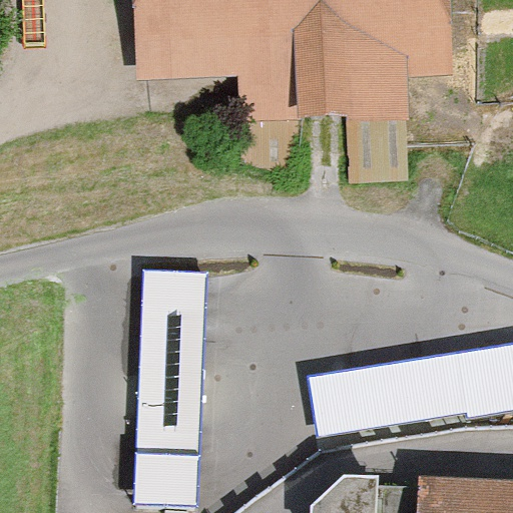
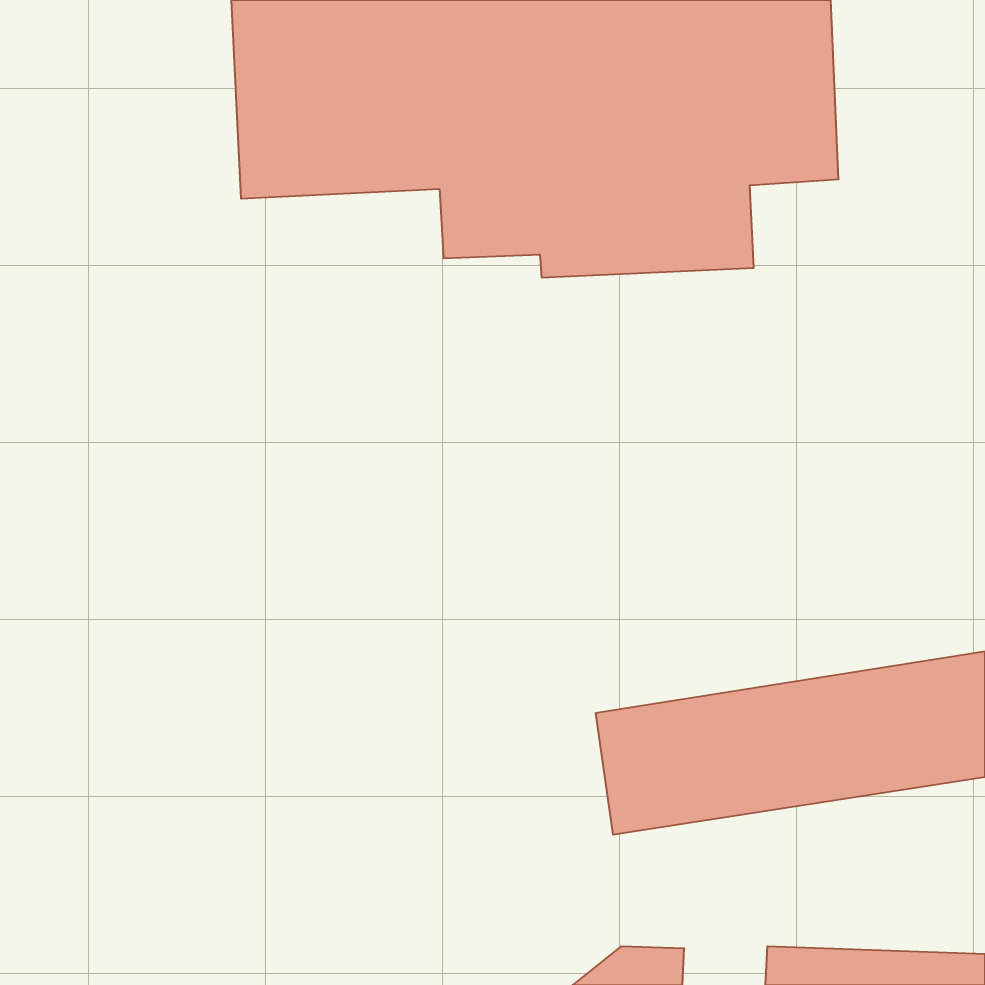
building: [138,264,208,502] -> none

